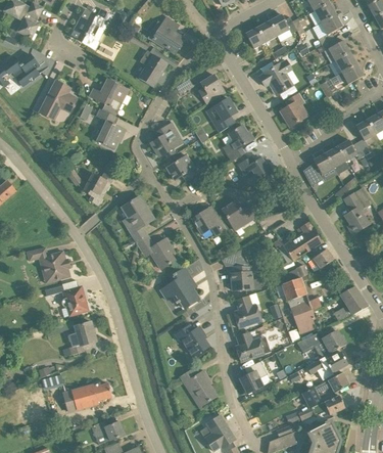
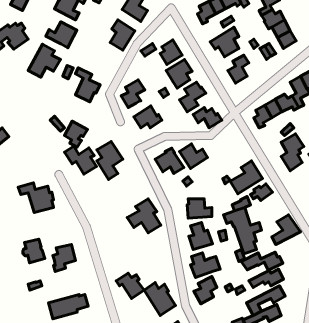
building: [90,79,128,110] -> [46,22,77,48]
building: [136,236,175,270] -> [64,146,97,174]
building: [61,287,88,316] -> [23,239,45,263]
building: [175,325,208,356] -> [116,273,144,299]

